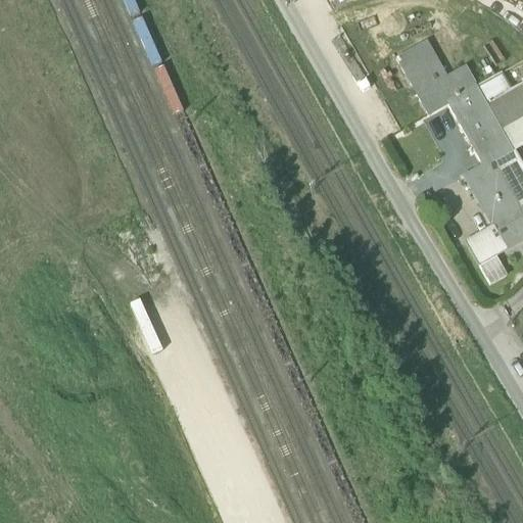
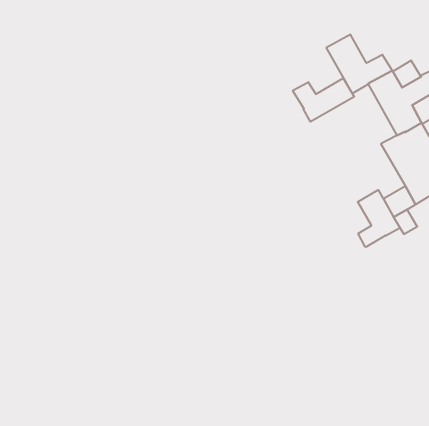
building: none -> [293,78,354,122]
building: none -> [358,190,400,247]

